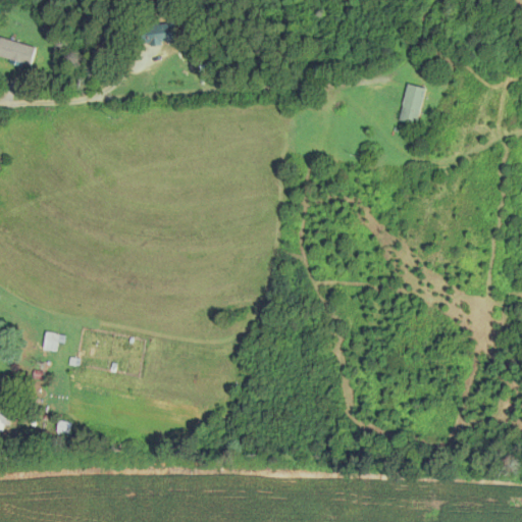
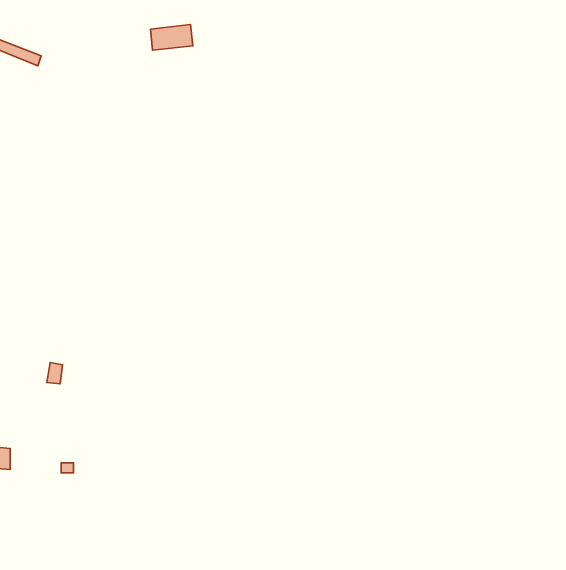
building: [399,84,425,124] -> none

